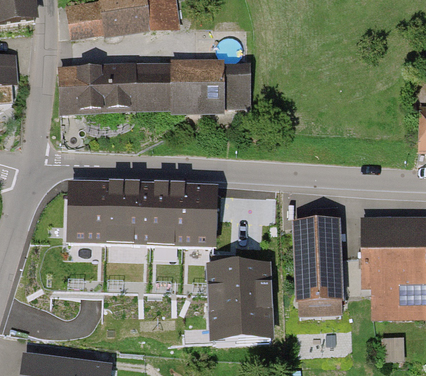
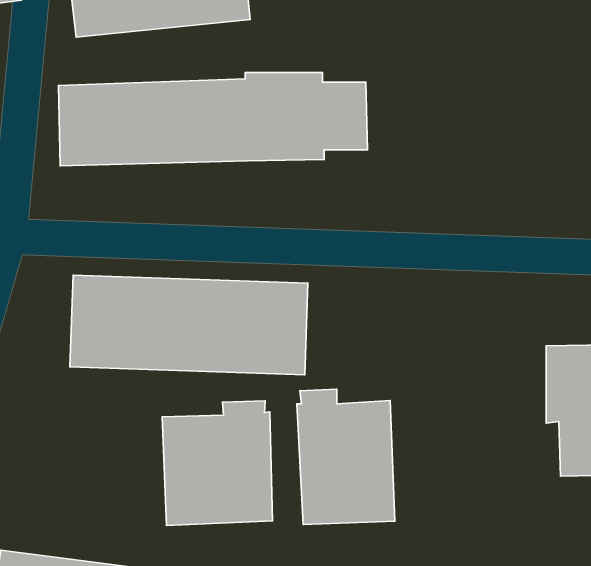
building: [294,205,340,301] -> none
building: none -> [162,401,272,525]

